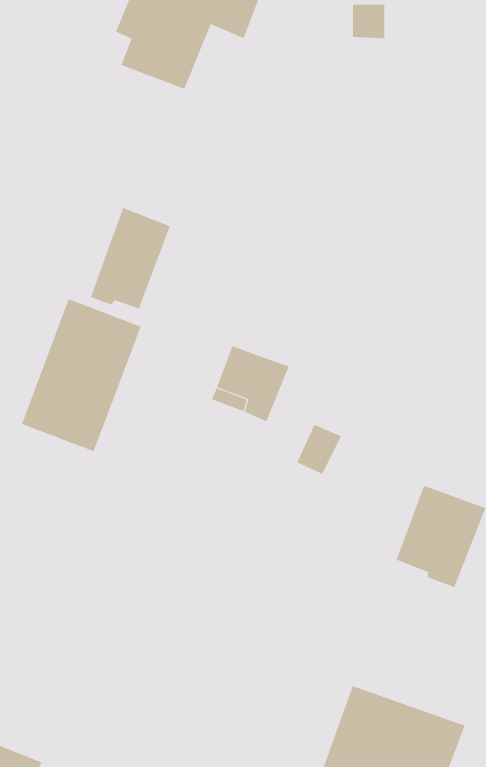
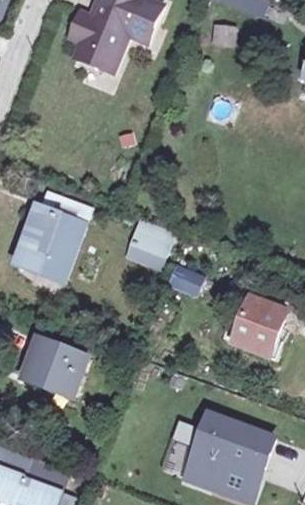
building: [90,207,171,310] -> none
building: none -> [26,340,83,391]

